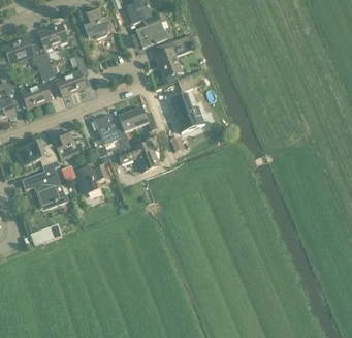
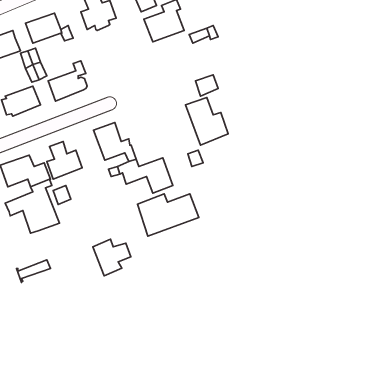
building: [155,48,181,80] -> none
building: [117,105,156,131] -> none
building: [76,162,107,192] -> [93,239,131,276]
building: none -> [137,194,199,236]

